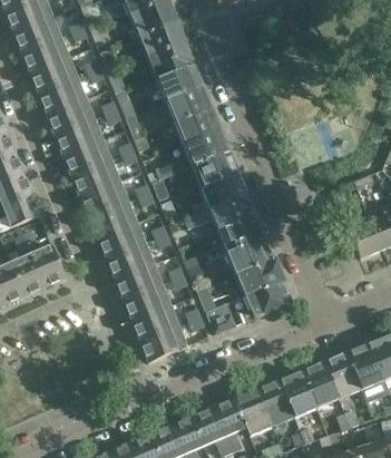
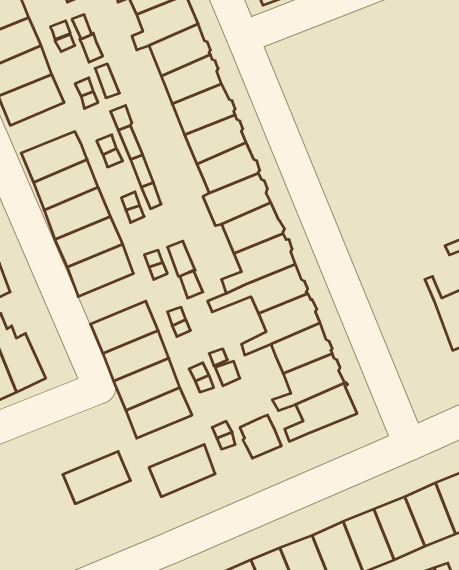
building: [39,77,86,114] -> none
building: [88,201,137,237] -> none
building: [130,303,179,341] -> [63,451,131,504]

